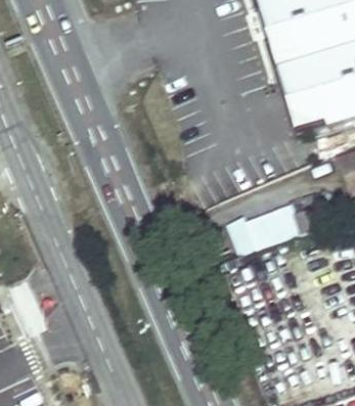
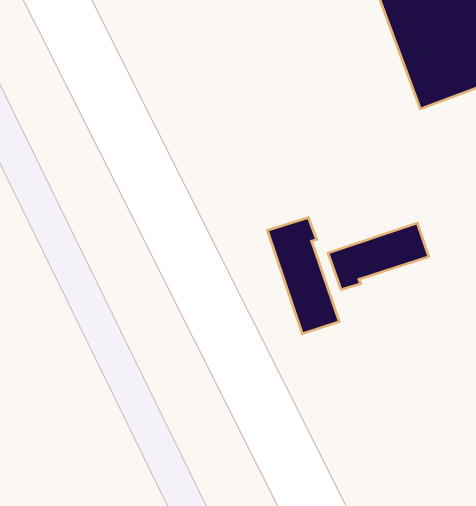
building: none -> [268,217,339,334]

